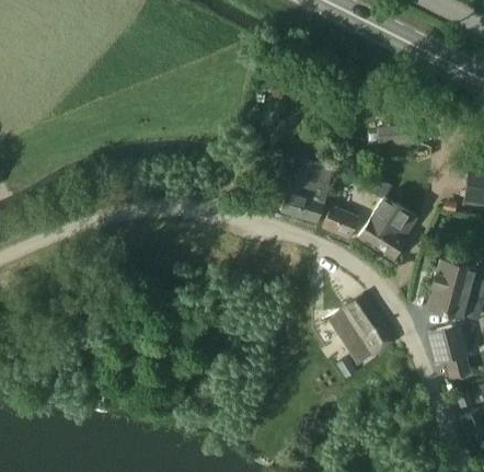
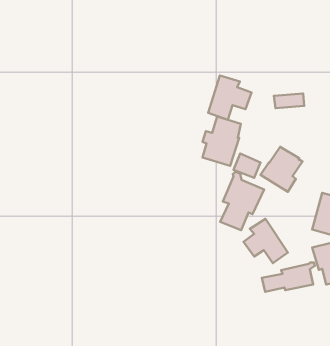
building: none -> [208,76,252,120]
building: none -> [220,172,264,230]
building: none -> [262,263,315,292]

